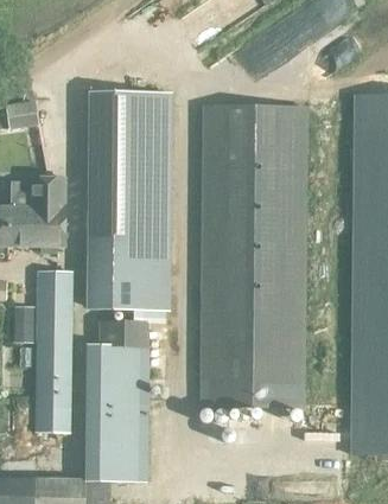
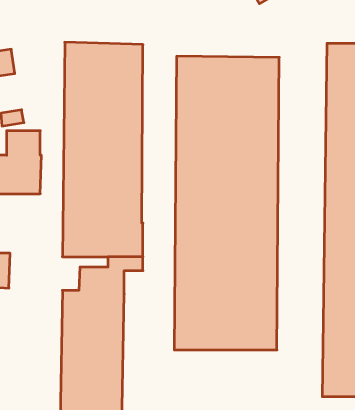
building: [33,269,74,432] -> none

